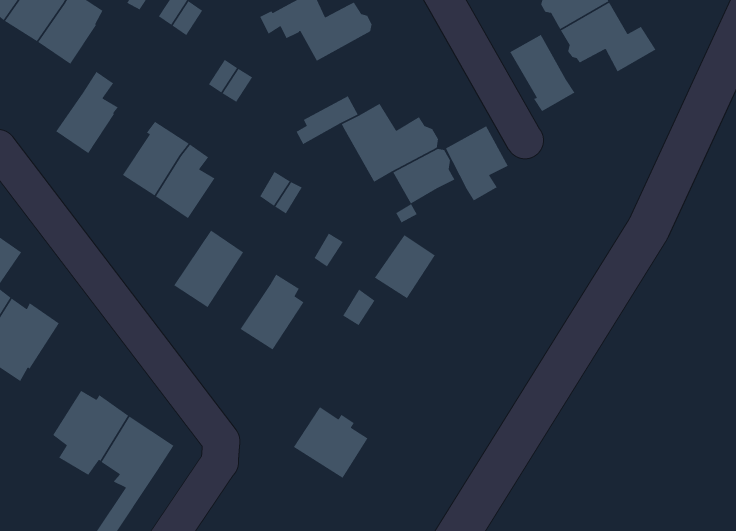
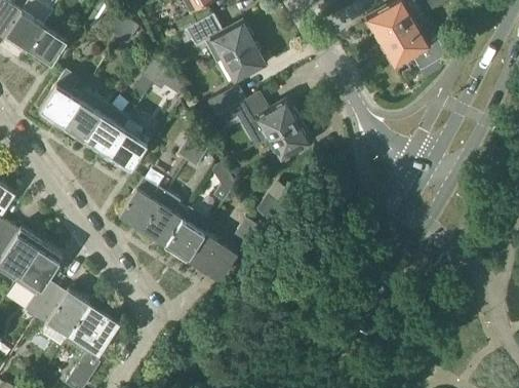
building: none -> [216,43,266,82]
building: [509,34,575,112] -> none
building: none -> [62,89,107,141]
building: [445,125,509,201] -> none
building: none -> [143,193,185,245]
building: none -> [15,241,63,317]
building: [293,399,368,479] -> [187,227,238,281]

